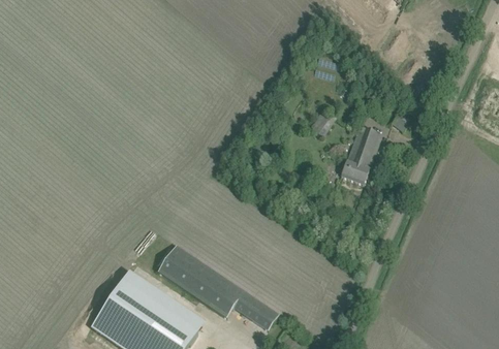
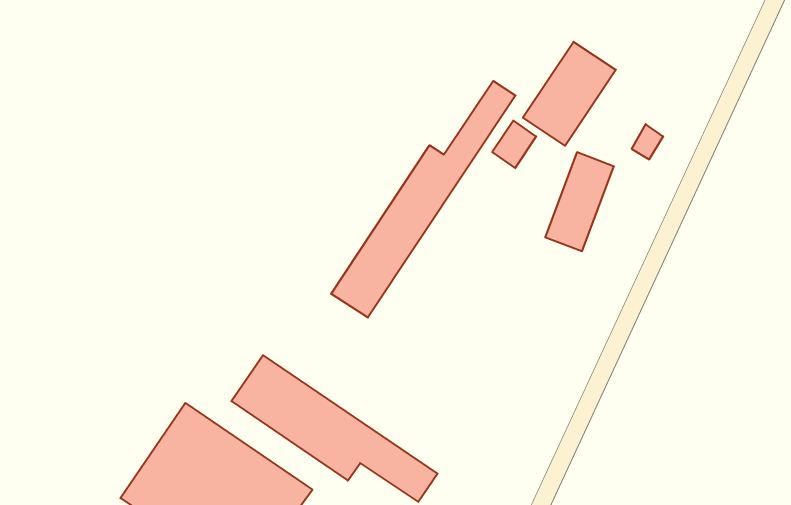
building: none -> [523,42,616,146]
building: none -> [331,81,516,318]

